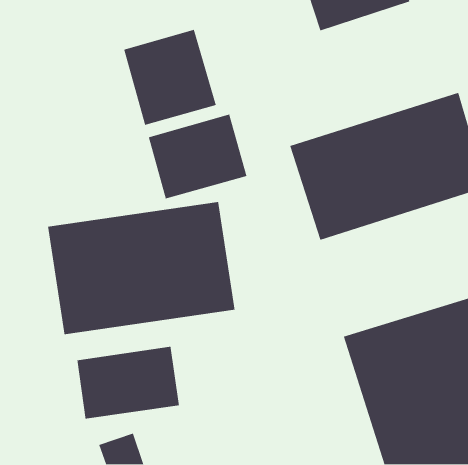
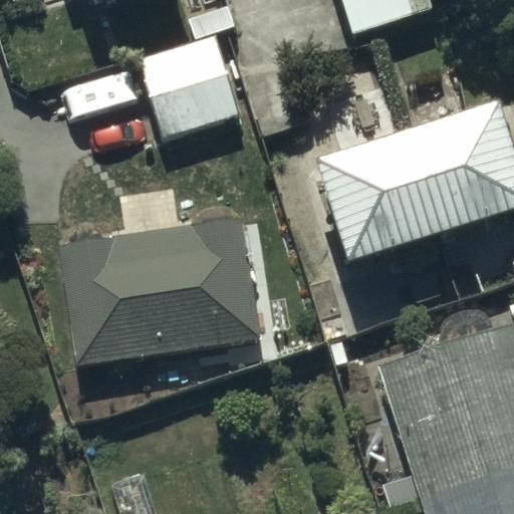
building: [148,114,248,199] -> none
building: [76,346,180,419] -> none

